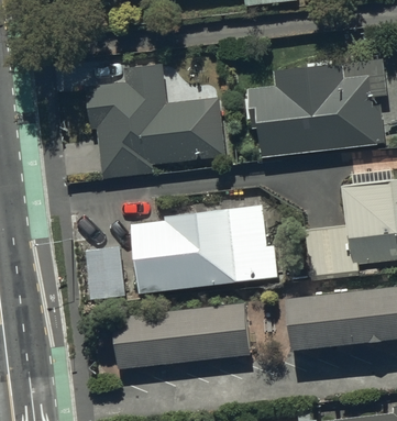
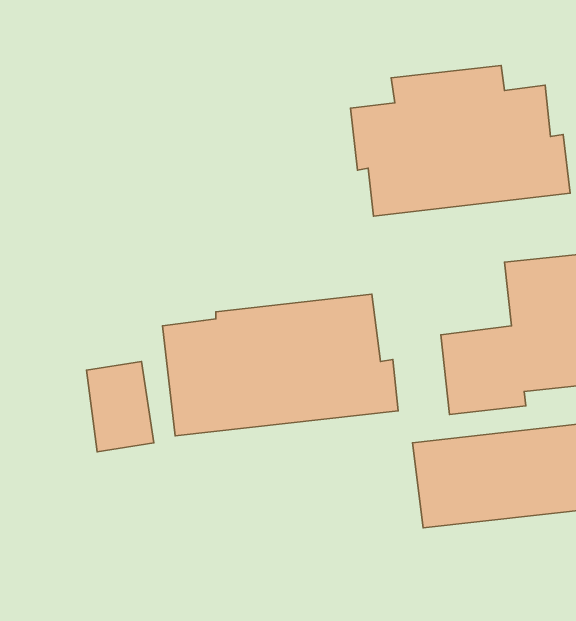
building: [85,63,224,177] -> none
building: [111,302,250,368] -> none

